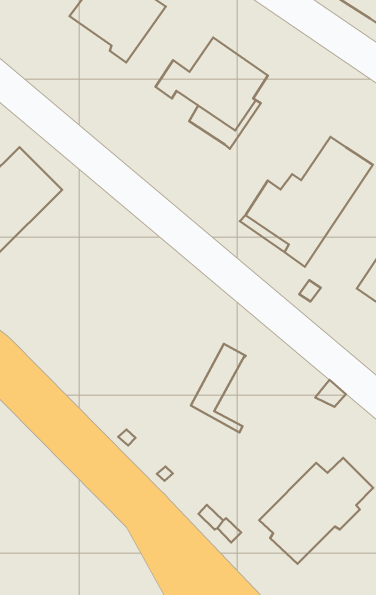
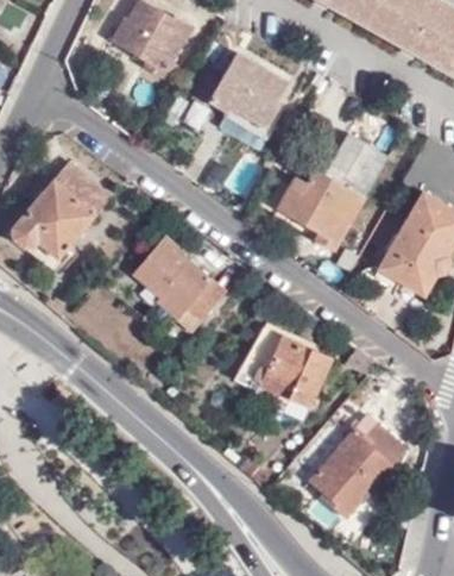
building: none -> [133,236,226,332]
building: none -> [259,334,330,407]

